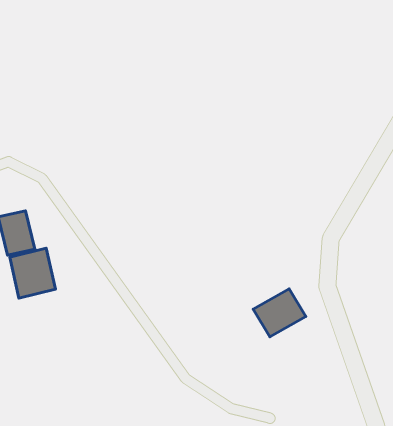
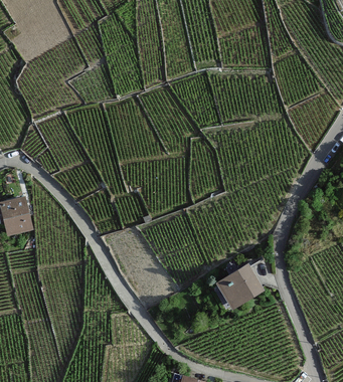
building: [10,248,55,298] -> none

